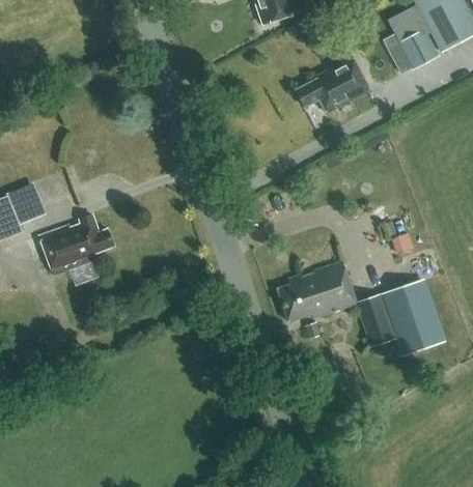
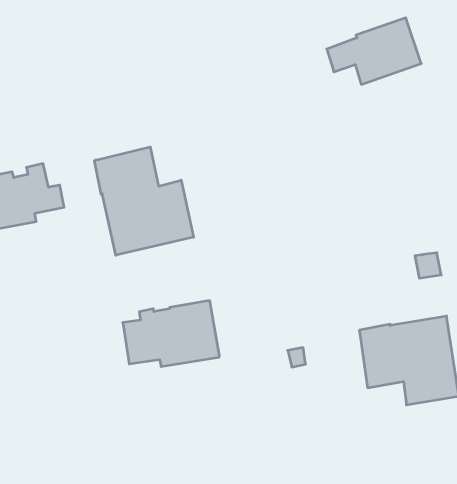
building: none -> [94,147,194,255]
building: [278,260,357,319] -> [123,301,219,367]

